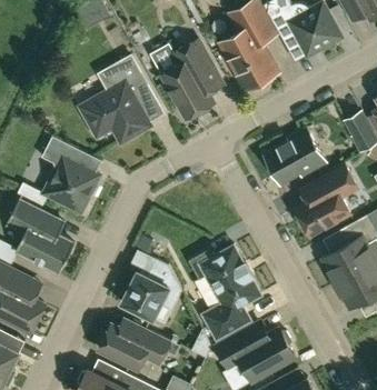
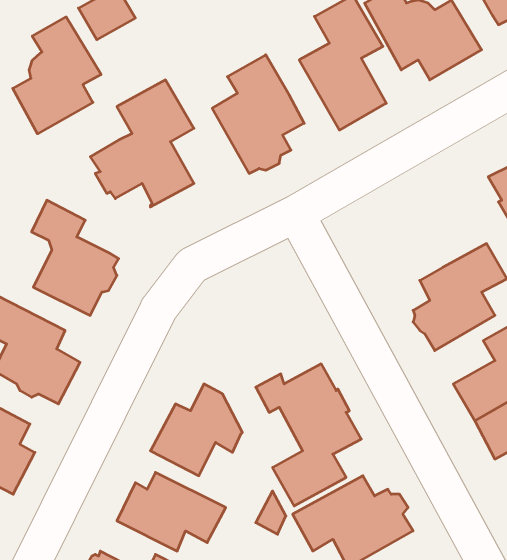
building: none -> [13,17,101,134]
building: [265,129,324,182] -> none

